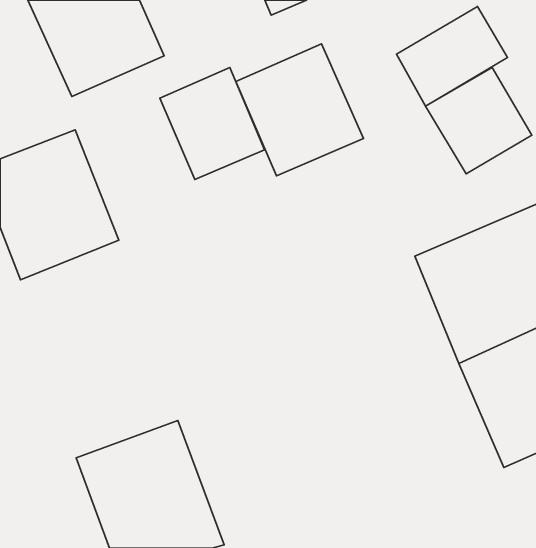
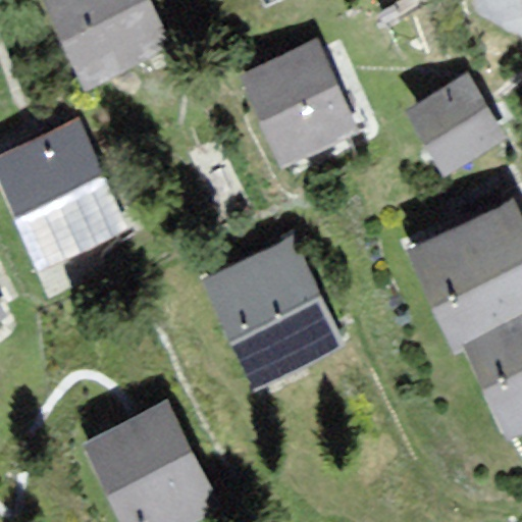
building: [396,6,508,106] -> none
building: [160,67,264,180] -> none
building: none -> [204,240,344,396]

